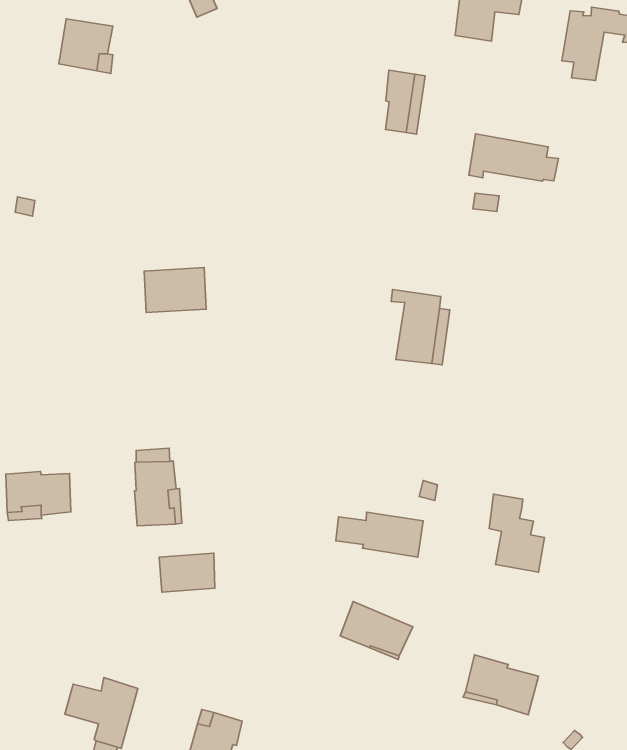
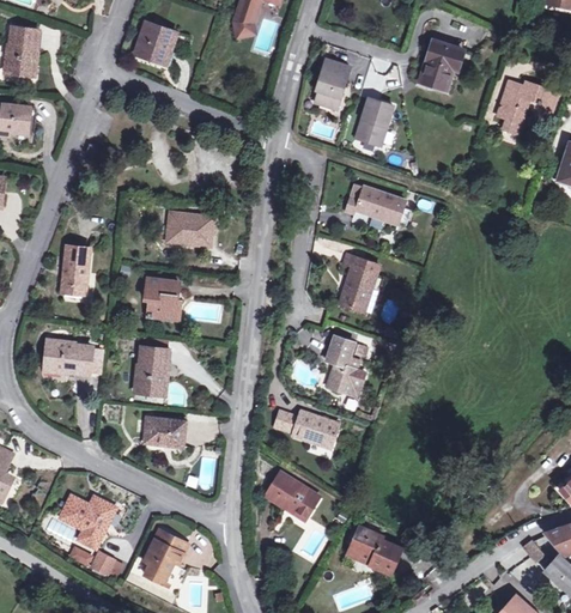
building: none -> [316,57,351,109]
building: [469,134,558,181] -> [345,182,411,225]
building: none -> [61,245,89,292]
building: none -> [144,278,181,320]
building: [489,494,545,572] -> [326,335,364,396]

